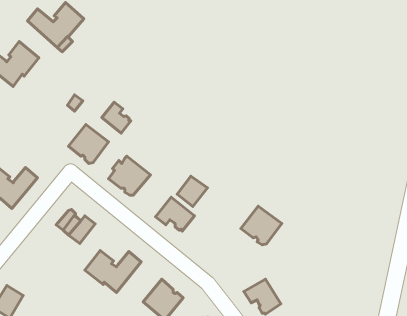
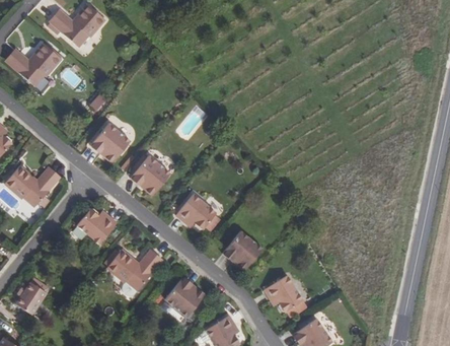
building: [102,102,131,133] -> none
building: [177,176,207,206] -> none
building: [241,206,282,245] -> [220,230,260,269]

